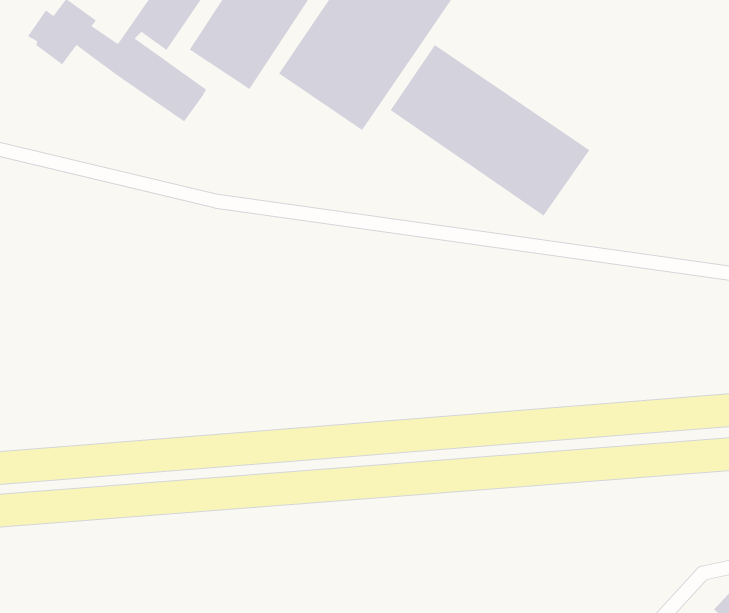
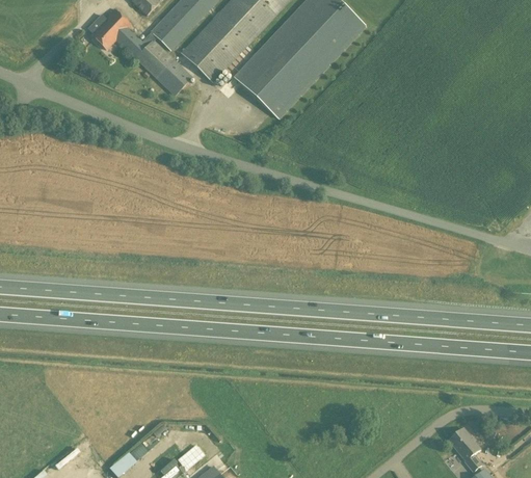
building: [390,44,590,217] -> none

